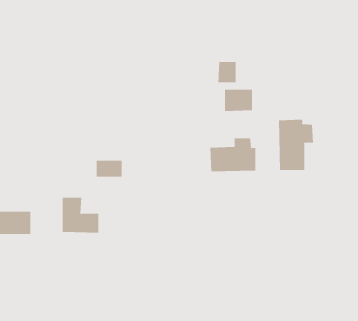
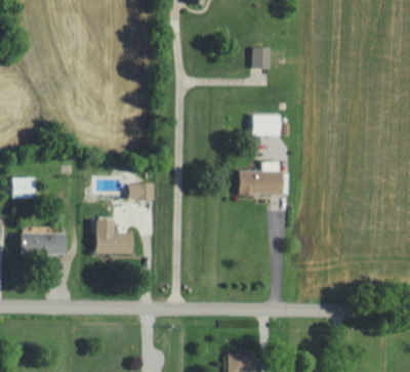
building: [217,61,236,83] -> [251,47,270,68]
building: [278,119,314,171] -> none

